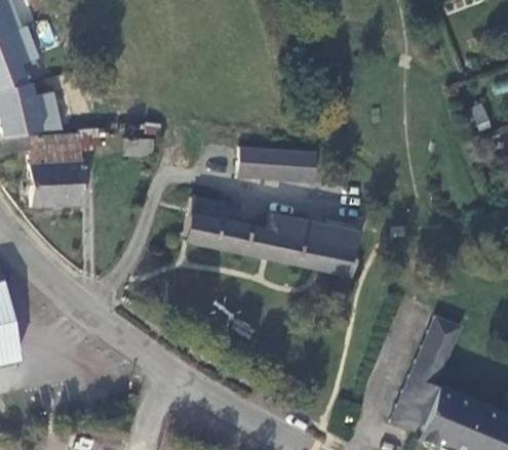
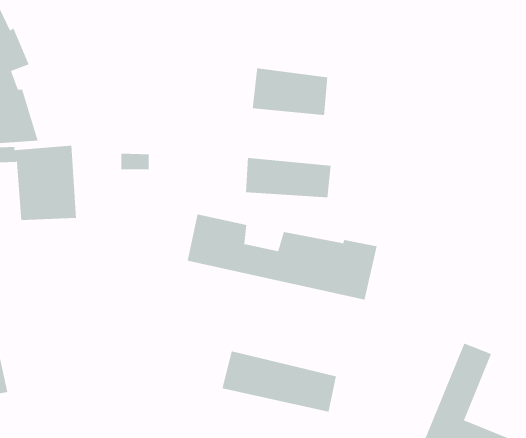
building: none -> [252,68,328,116]
building: none -> [222,350,336,413]

